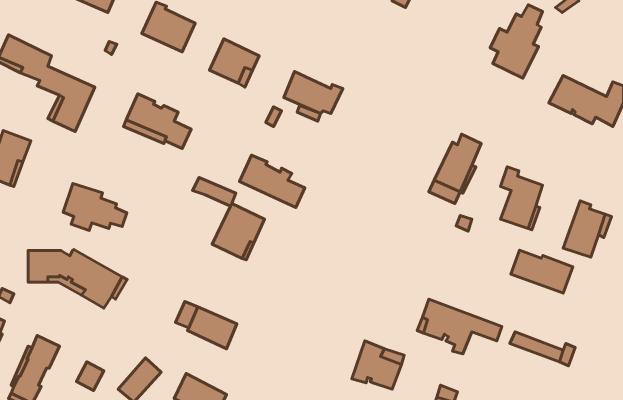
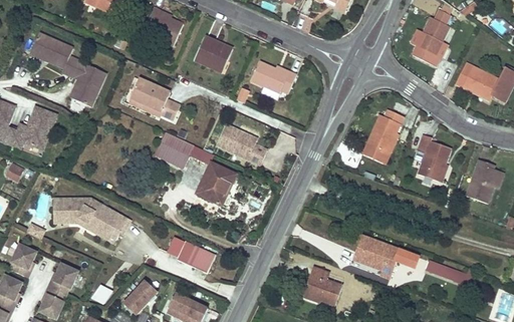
building: none -> [155,131,190,168]
building: [63,183,127,230] -> none
building: [511,250,573,293] -> none

